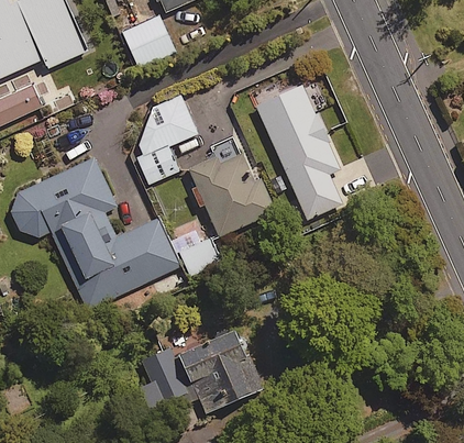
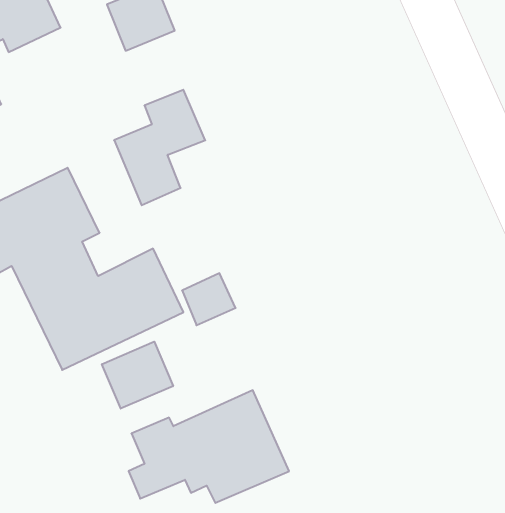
building: [252,79,346,224] -> none
building: [186,153,273,235] -> none
building: none -> [102,342,173,409]

